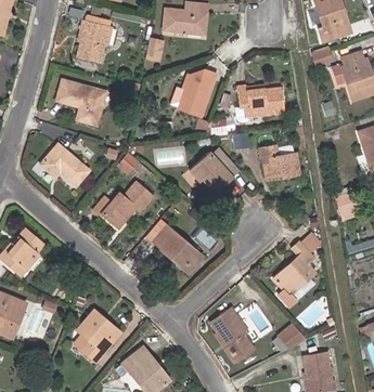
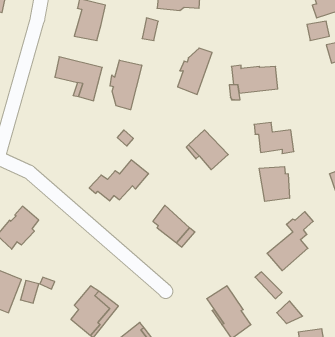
building: none -> [110,60,142,110]
building: [41,144,89,185] -> none
building: none -> [259,167,290,201]

